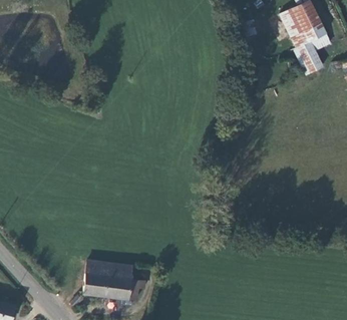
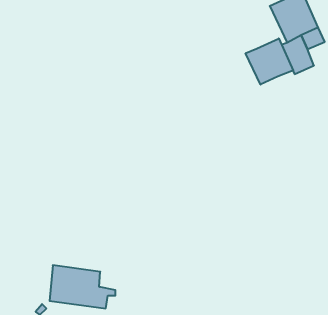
building: none -> [246,38,293,85]

